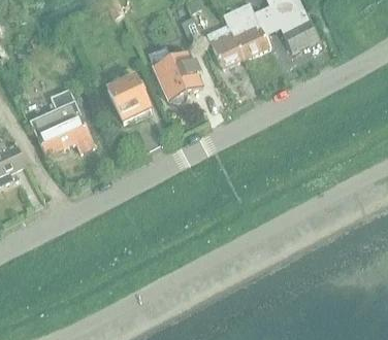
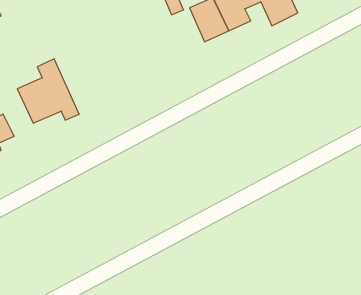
building: [155,50,203,101] -> none
building: [108,74,152,120] -> none

